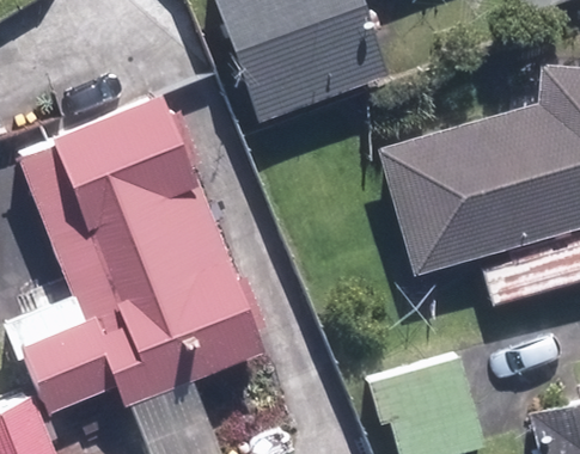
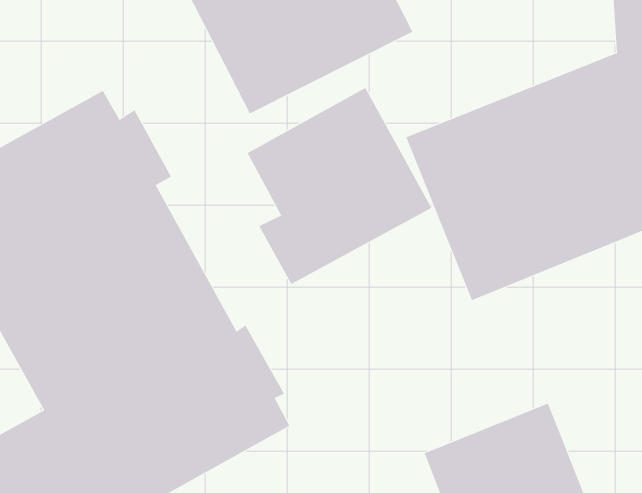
building: none -> [247,87,432,285]

